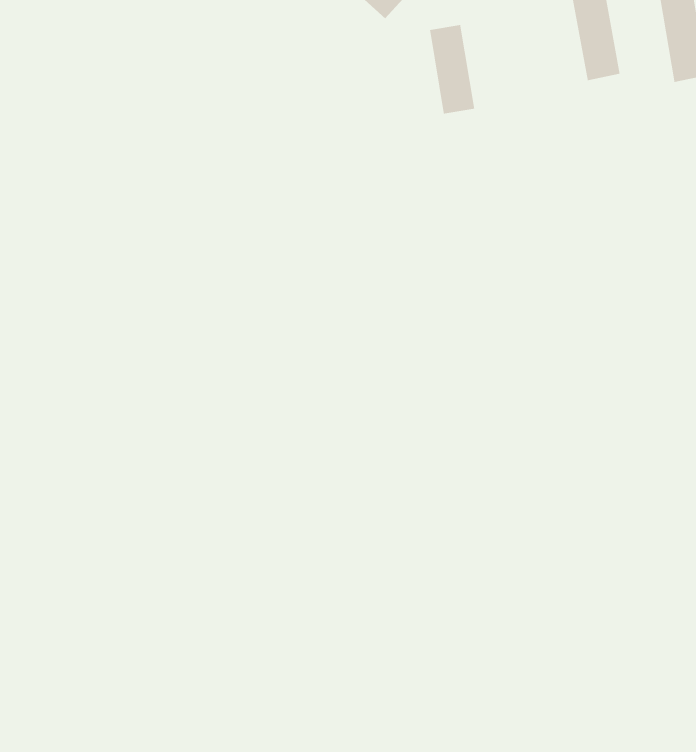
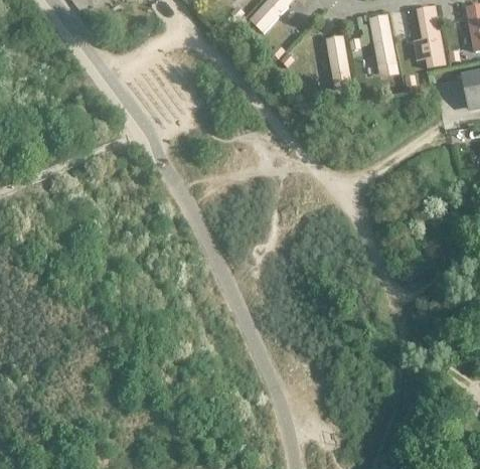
building: [429,24,475,114] -> [324,35,350,87]

